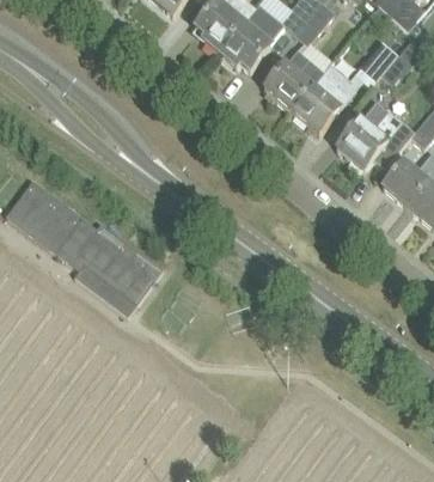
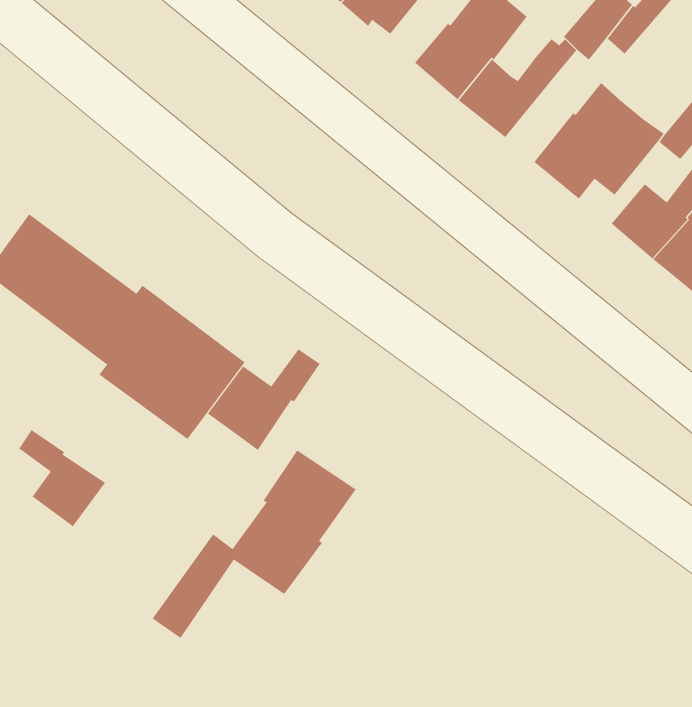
building: none -> [207,349,321,451]
building: none -> [18,429,106,527]
building: none -> [152,450,356,639]

